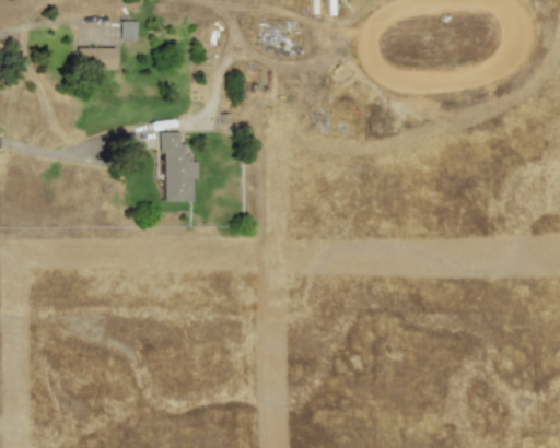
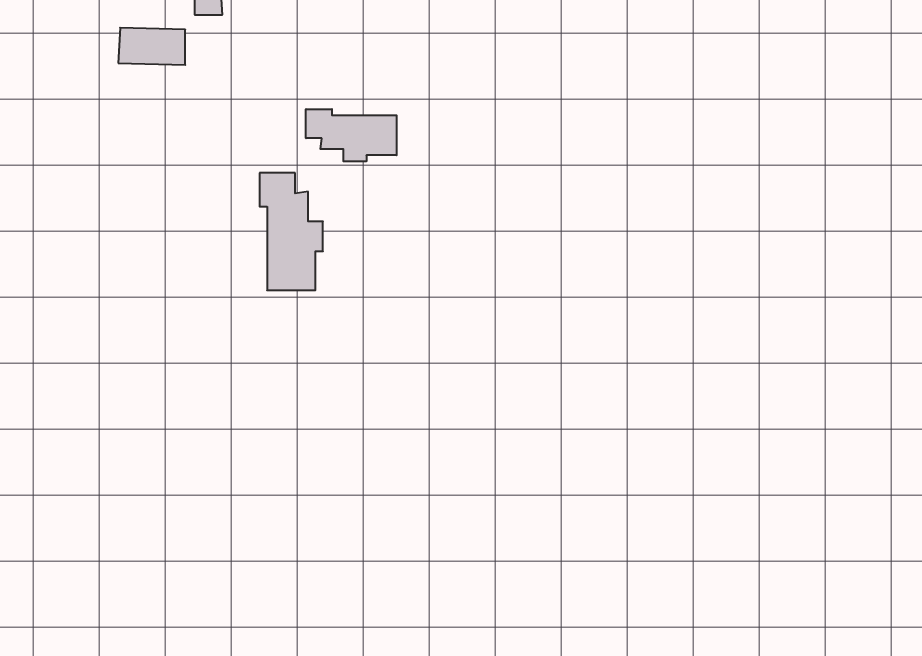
building: none -> [306,109,397,161]

